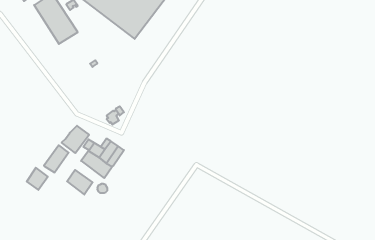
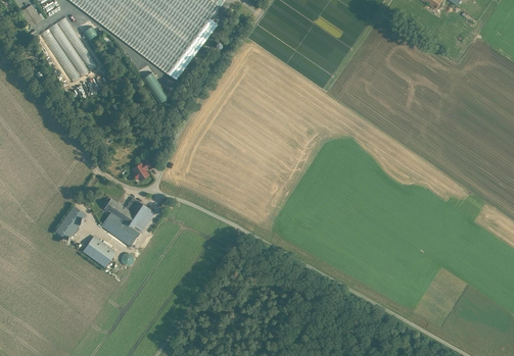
building: [62,126,89,153] -> none
building: [27,168,48,190] -> none

